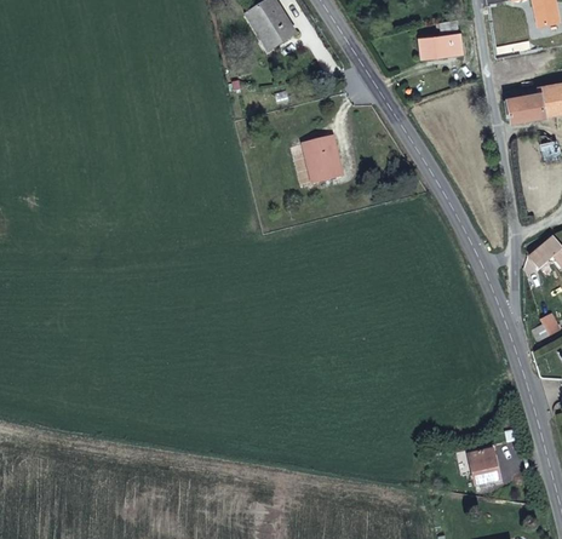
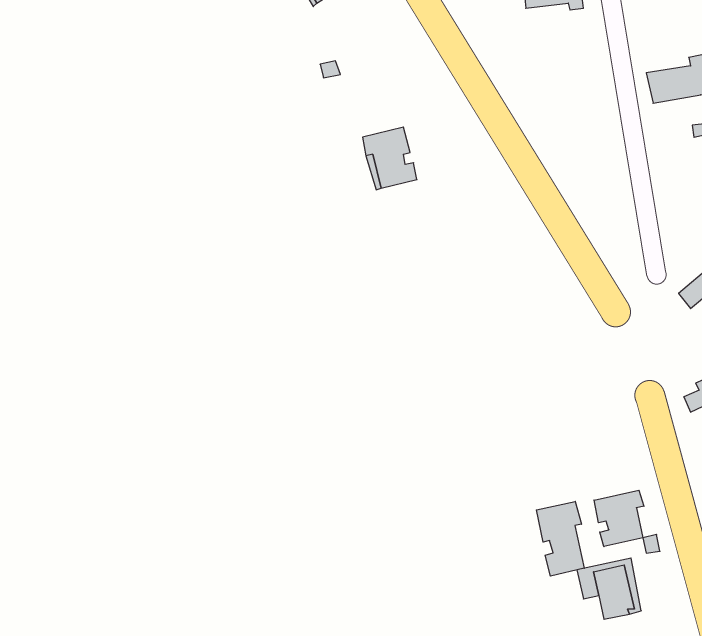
building: none -> [594,490,644,547]
building: none -> [536,501,584,576]

